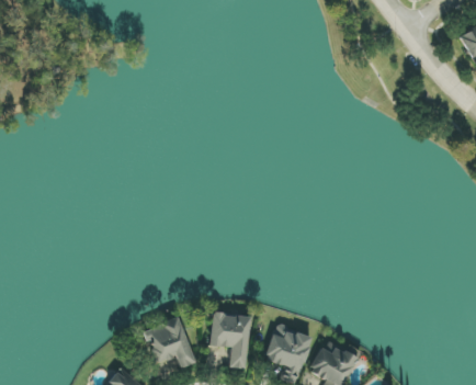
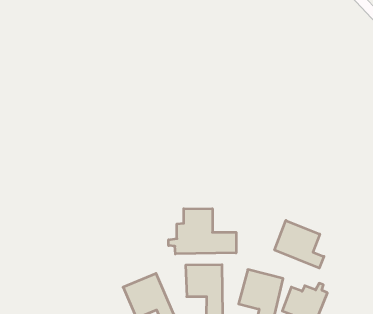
building: none -> [169,209,236,254]
building: none -> [275,220,324,268]

